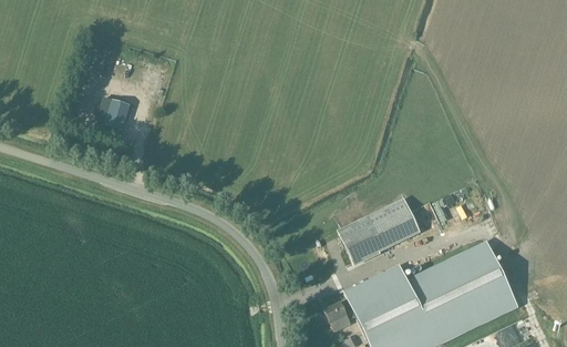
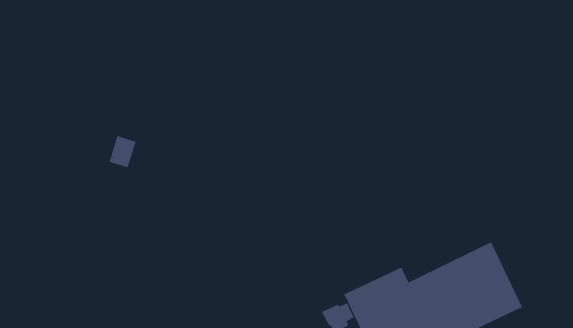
building: [105,99,132,130] -> [109,136,136,168]
building: [339,200,420,264] -> none

